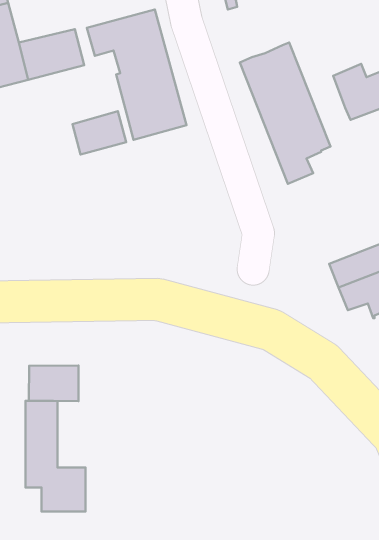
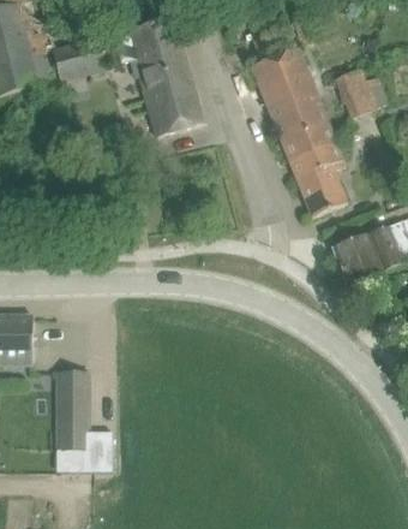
building: [72,111,126,154] -> none
building: none -> [294,141,344,215]
building: [29,365,78,401] -> none

